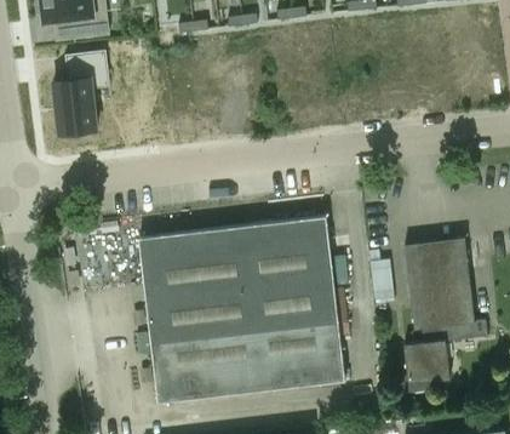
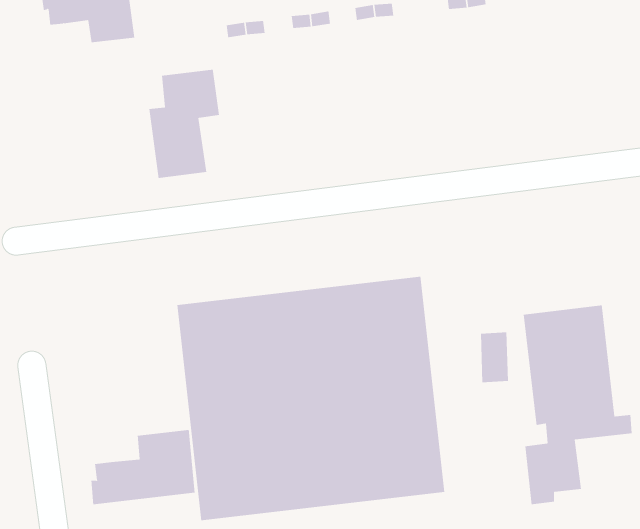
building: [52,51,107,135] -> [148,69,220,179]
building: none -> [91,429,195,505]

